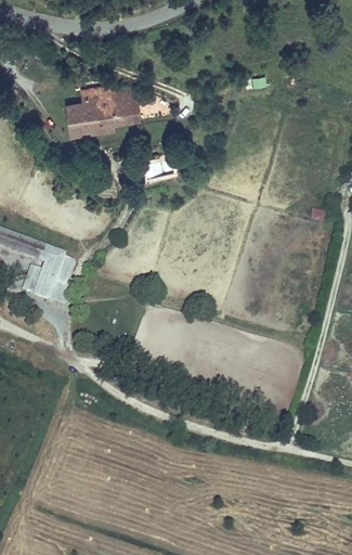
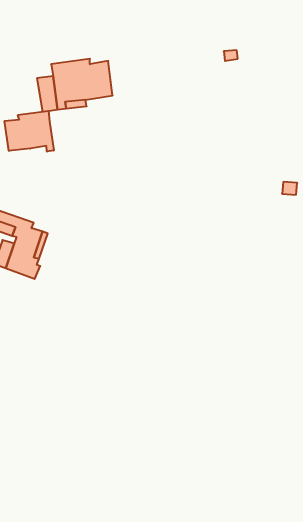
building: none -> [5,111,54,152]

